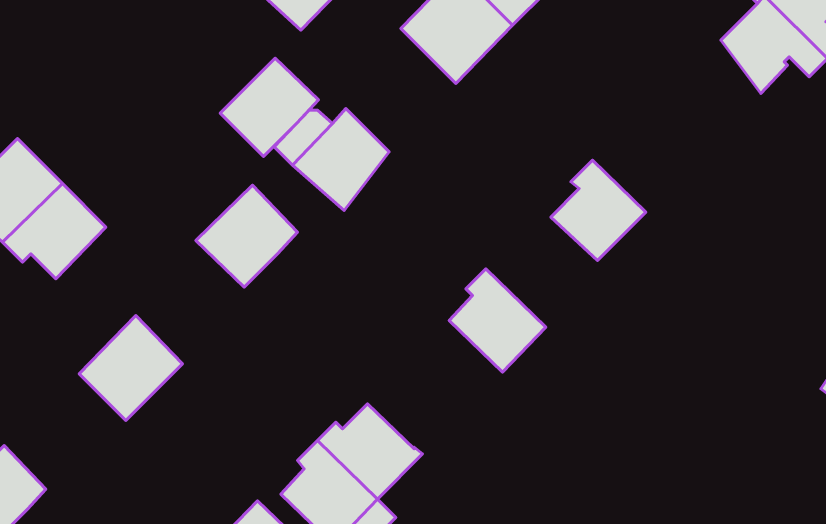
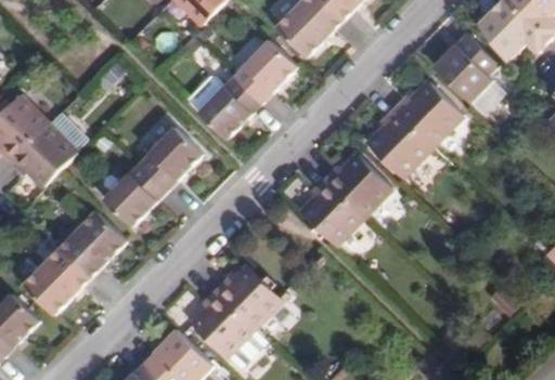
building: none -> [435,34,507,117]
building: [220,58,318,157] -> [233,39,297,103]
building: none -> [393,81,459,142]
building: none -> [324,154,391,217]
building: none -> [100,160,167,226]
building: none -> [23,247,90,314]

